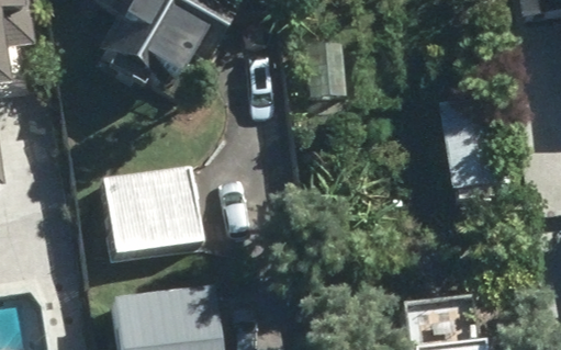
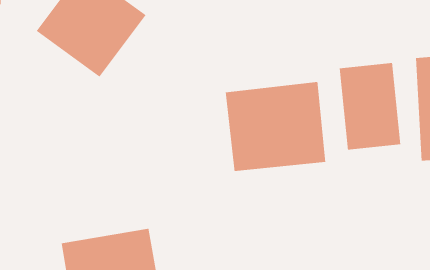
building: none -> [225,81,326,172]
building: [99,166,200,259] -> none

